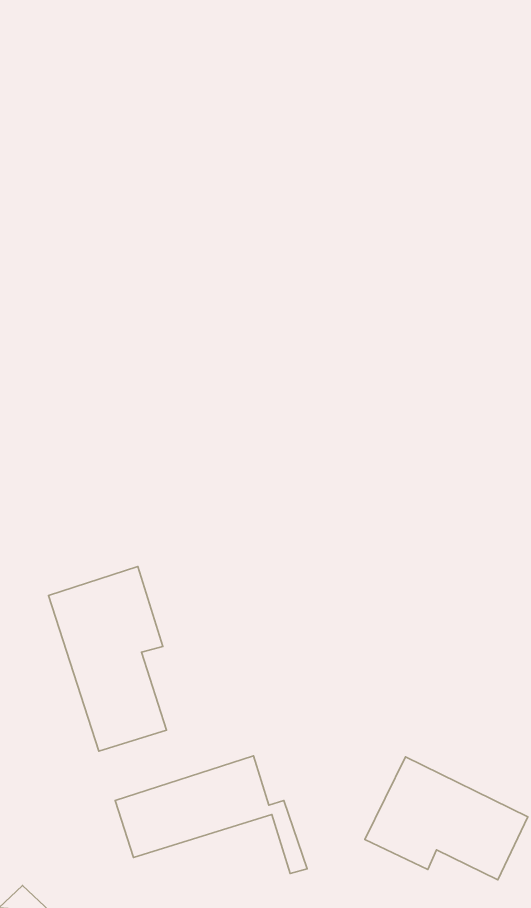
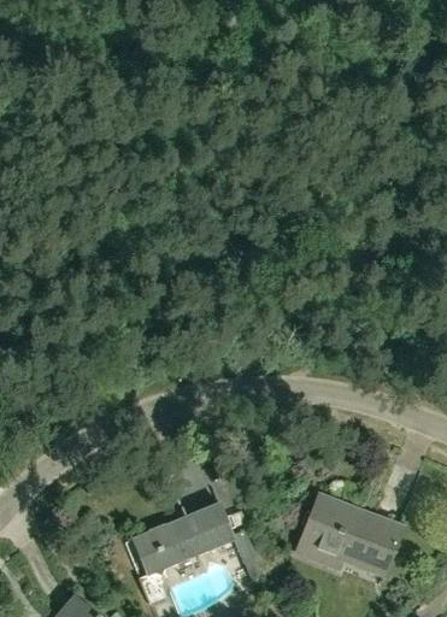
building: [49,567,167,751] -> none

